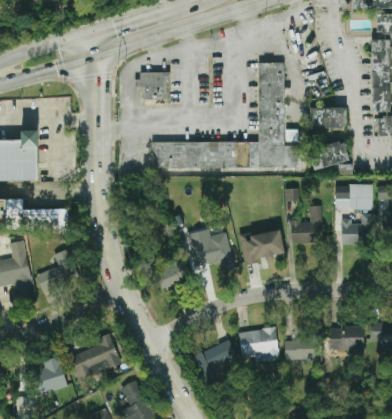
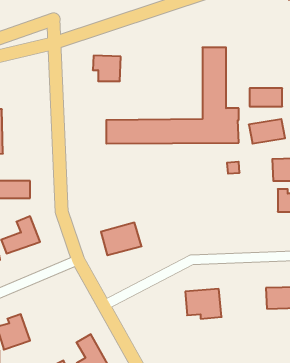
building: [291,206,322,244] -> none
building: [188,230,235,272] -> none
building: [240,230,285,263] -> none
building: [69,334,121,381] -> none
building: [285,338,319,361] -> none
building: [192,340,237,386] -> none

